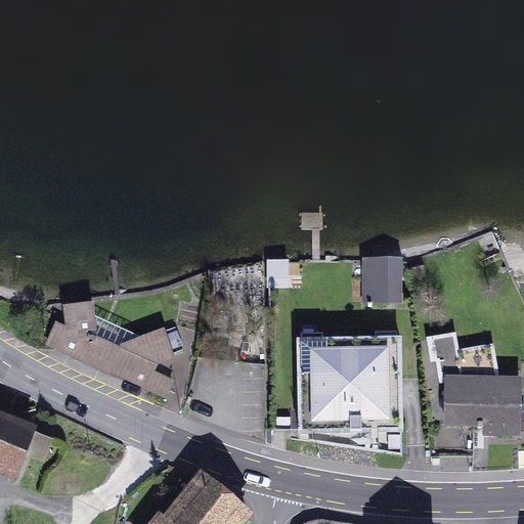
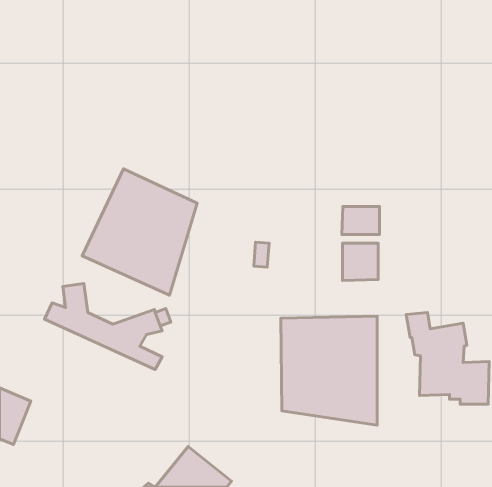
building: none -> [82,169,197,295]
building: none -> [342,207,379,234]

